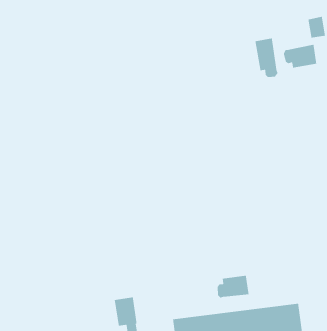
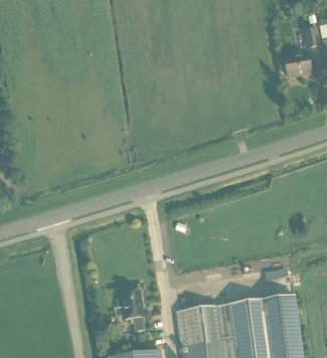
building: [254,37,278,78] -> none
building: [217,275,249,299] -> none

